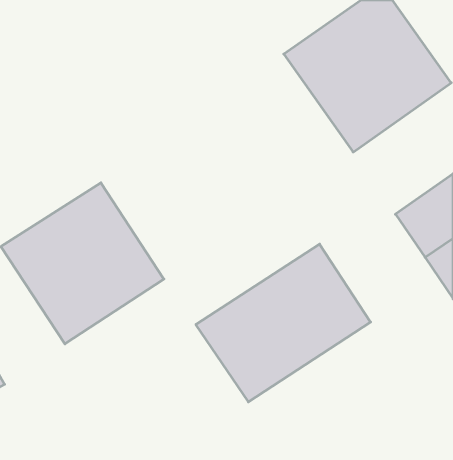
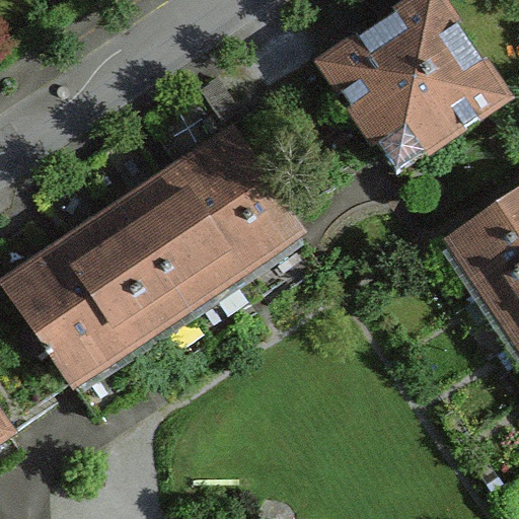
building: none -> [114,127,304,314]
building: [196,244,371,402] -> none

